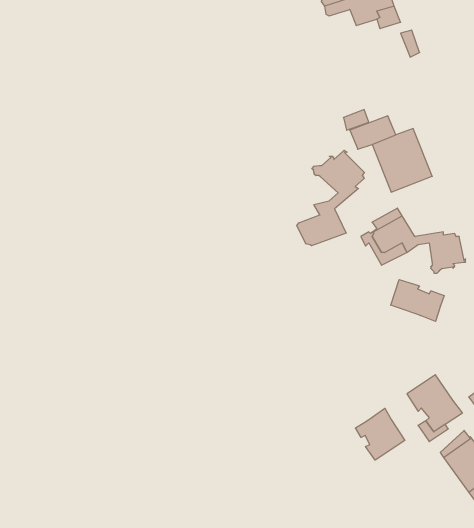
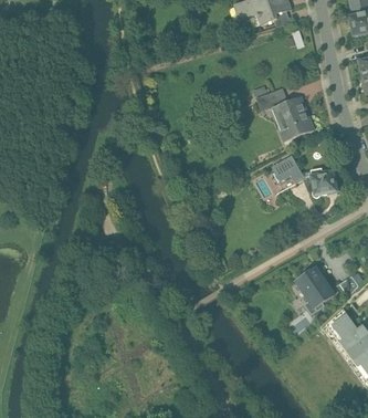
building: [297,150,364,246] -> none
building: [391,280,444,321] -> none
building: [355,408,405,460] -> none

